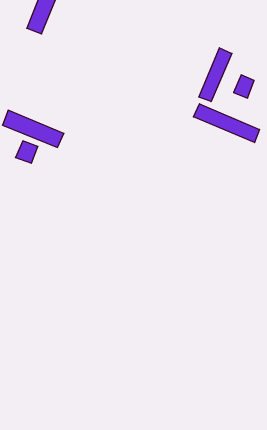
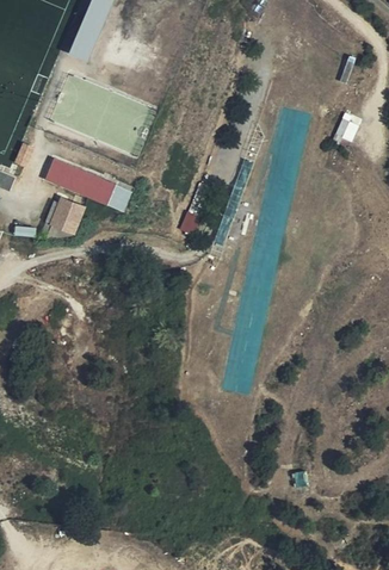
building: [199,48,232,102] -> none
building: [193,104,259,143] -> none

